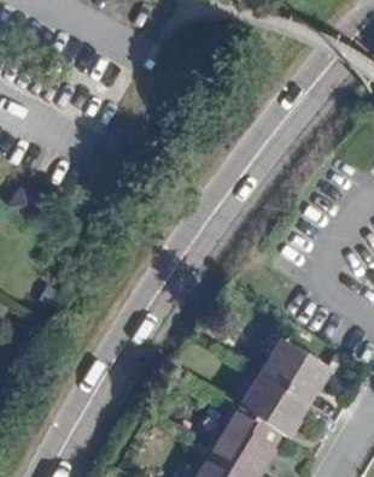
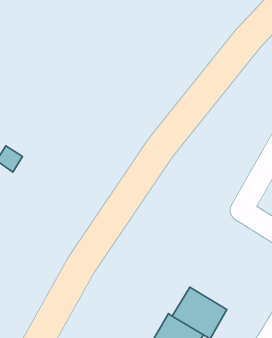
building: [259,347,326,410] -> none

